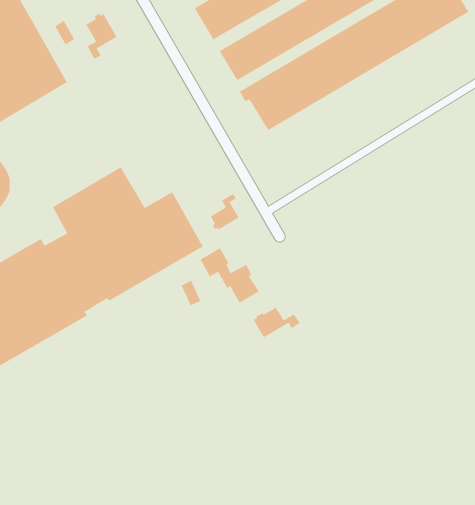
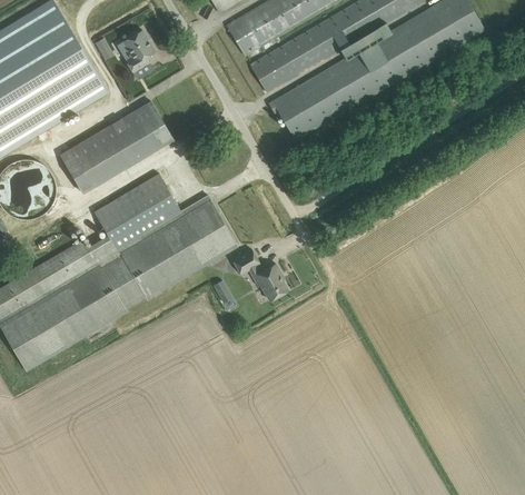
building: none -> [59,100,176,192]
building: [210,193,240,231] -> none
building: [253,307,300,338] -> none

